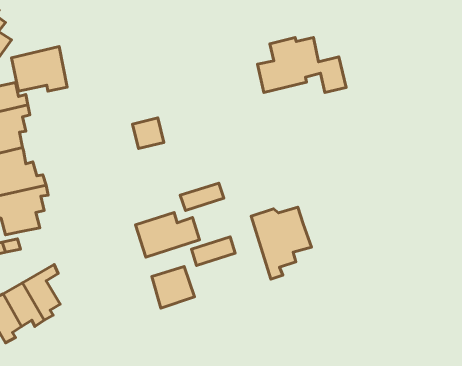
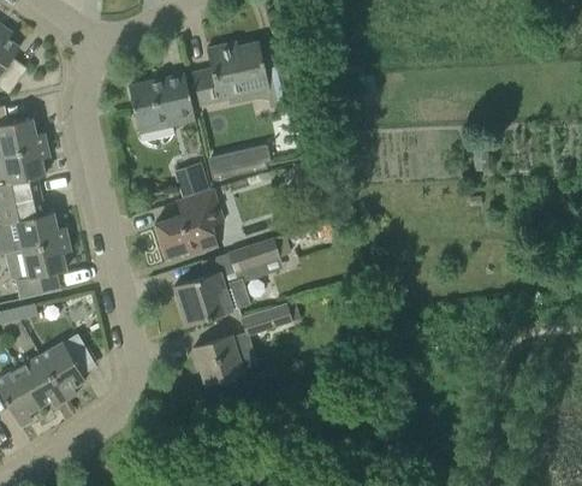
building: [258,38,346,93] -> [191,41,296,106]
building: [11,47,67,91] -> [127,72,194,125]
building: none -> [208,147,268,179]
building: none -> [154,190,221,259]
building: [251,207,311,279] -> none

